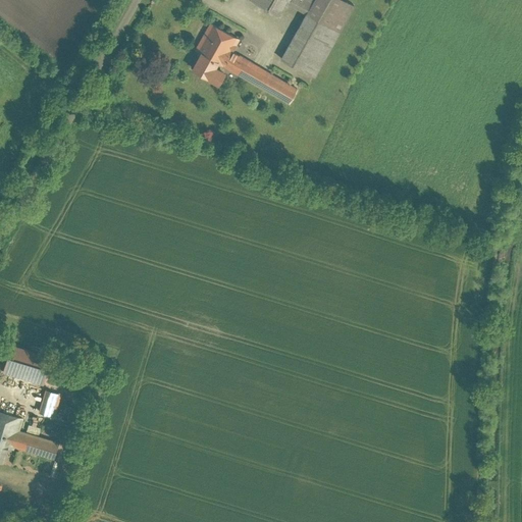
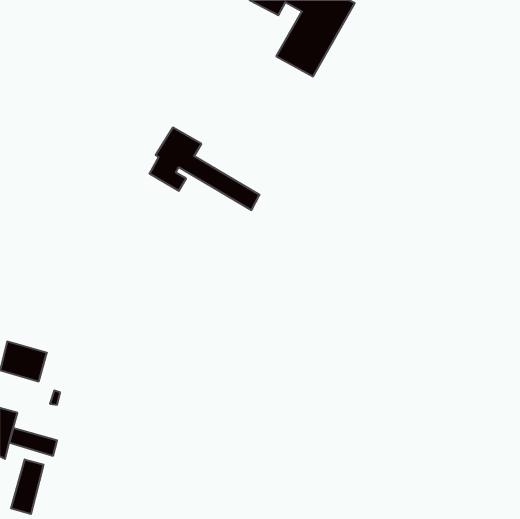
building: [187,22,297,105] -> [149,128,260,210]
building: none -> [11,459,43,514]

